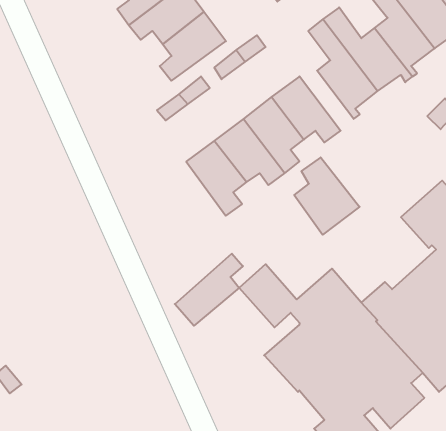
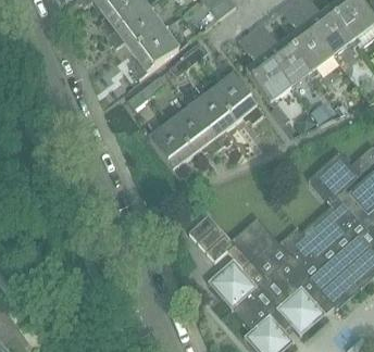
building: [294,157,360,235] -> none
building: [175,254,243,326] -> none

